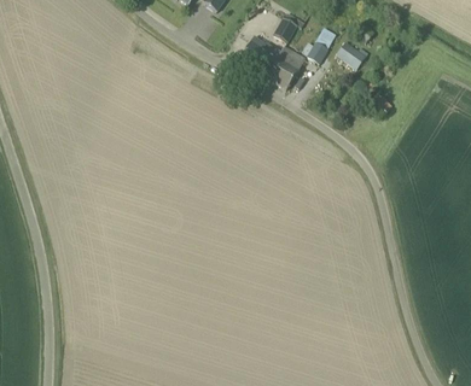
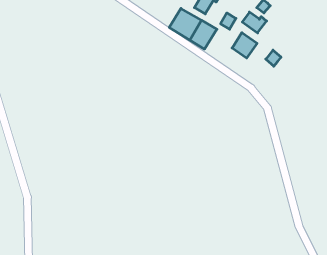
building: none -> [232,33,257,58]

